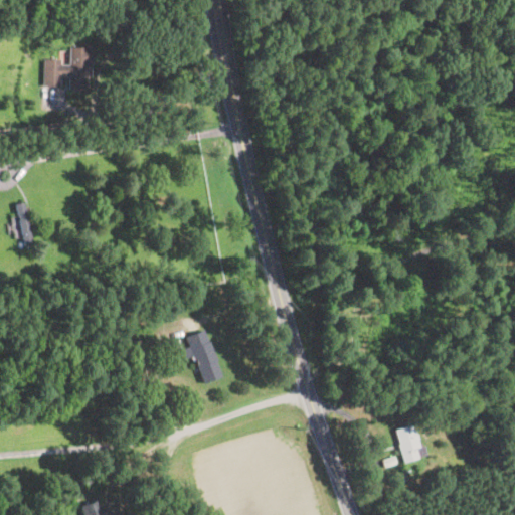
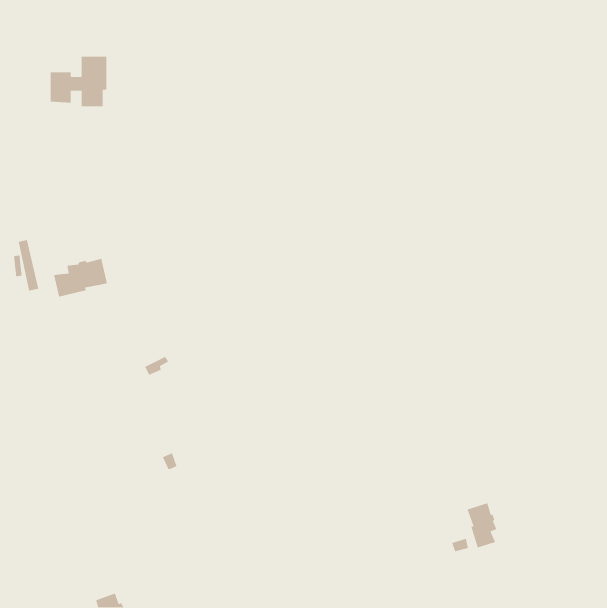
building: none -> [53,258,108,297]
building: [186,331,222,384] -> none

